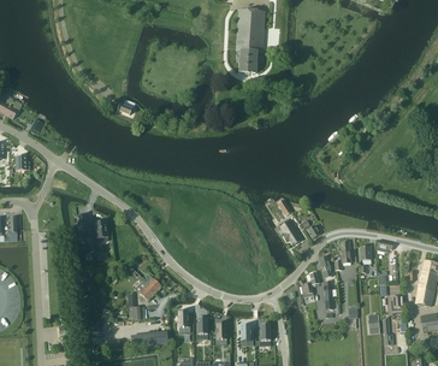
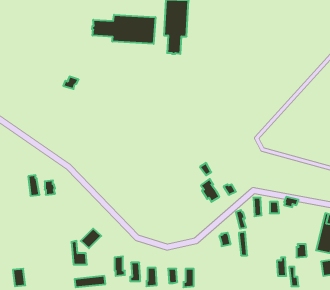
building: none -> [92,15,155,44]

